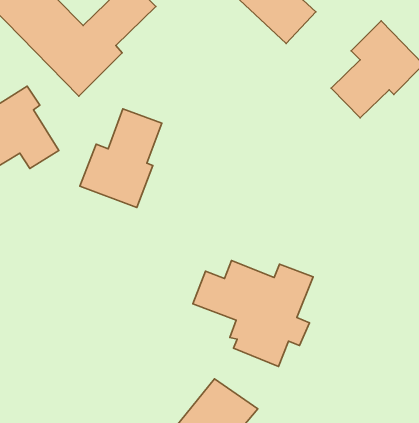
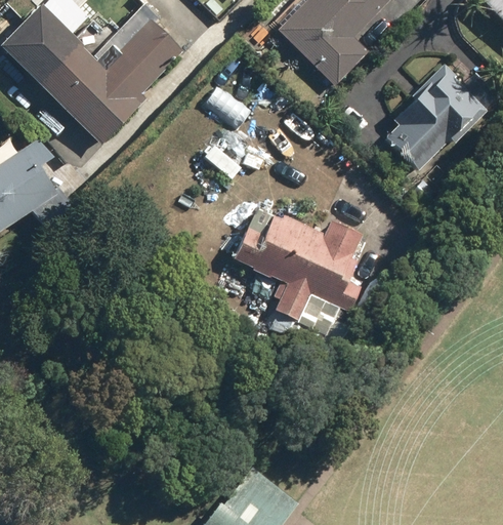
building: [80,109,162,207] -> none
building: [193,260,313,366] -> [232,210,368,330]

